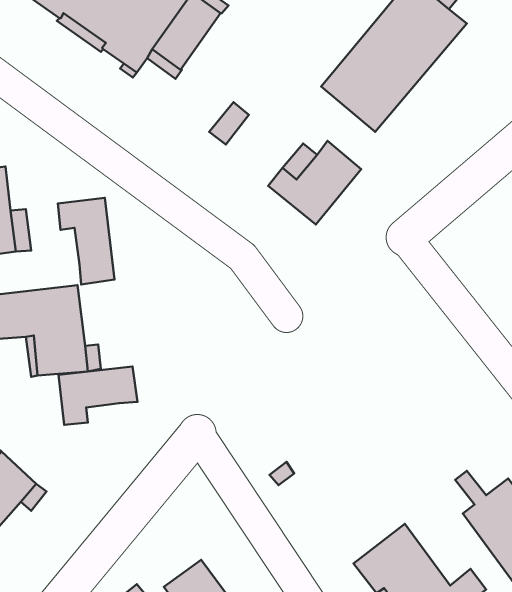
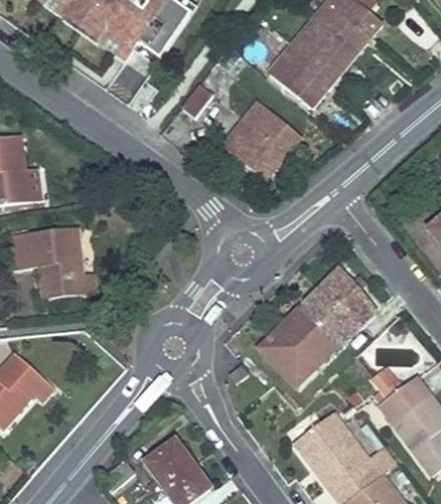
building: [58,198,115,284] -> none
building: none -> [259,269,375,385]
building: [59,366,137,425] -> none

